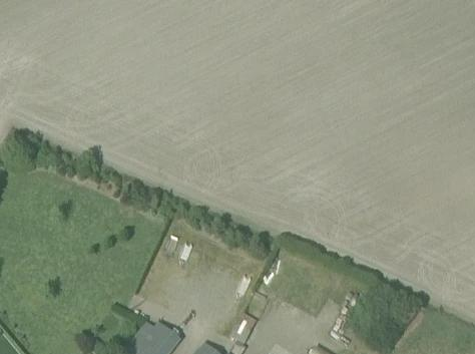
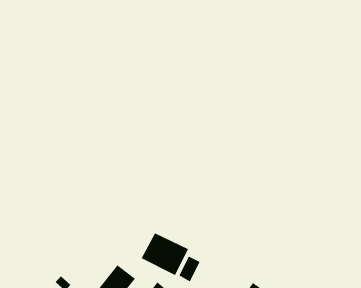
building: none -> [141,233,189,276]

